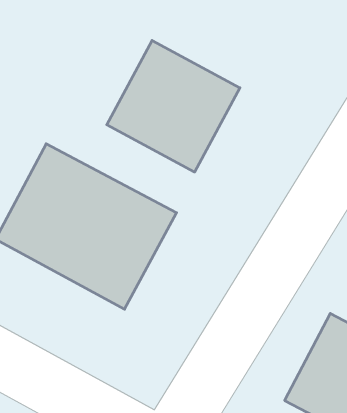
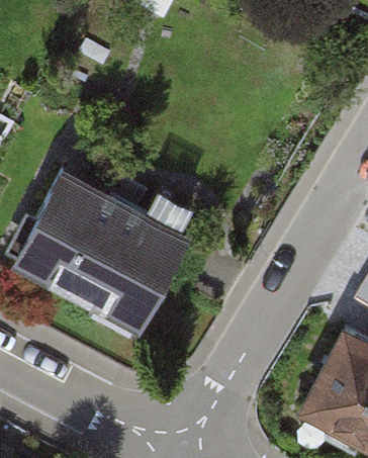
building: [107,40,240,172] -> none

